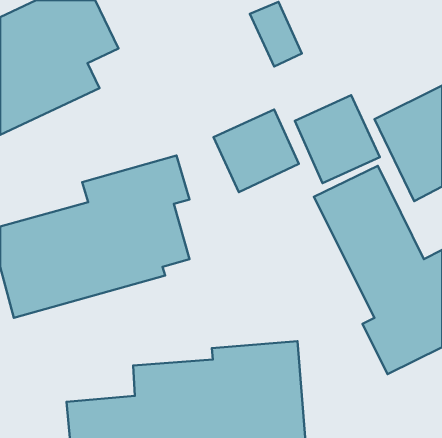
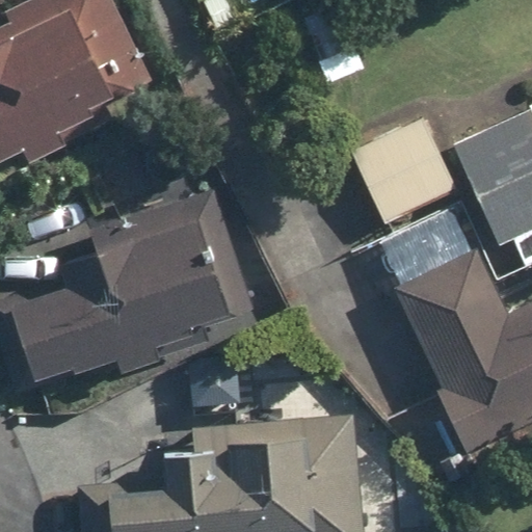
building: [213,109,299,192] -> none

